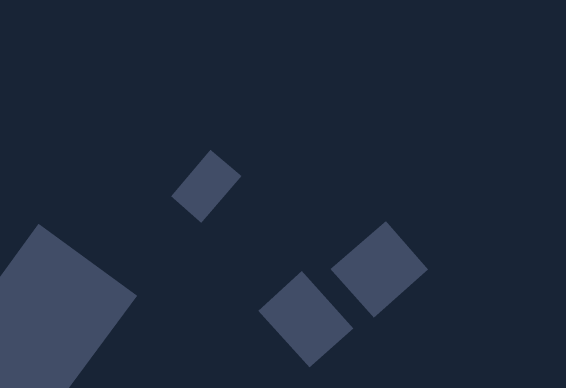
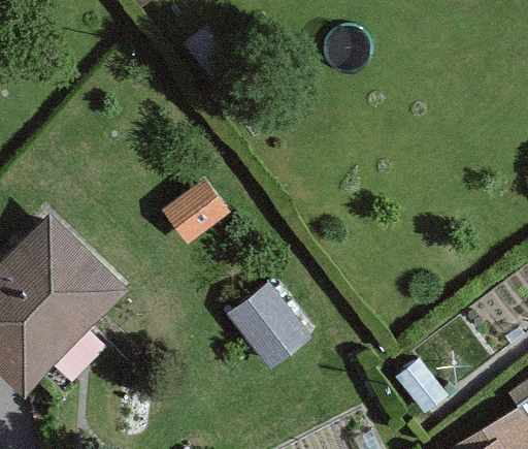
building: [330,220,429,319] -> none

